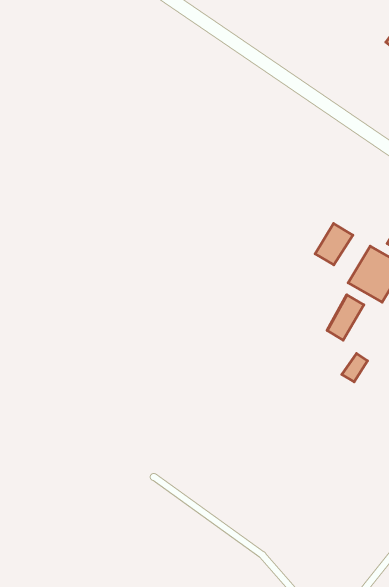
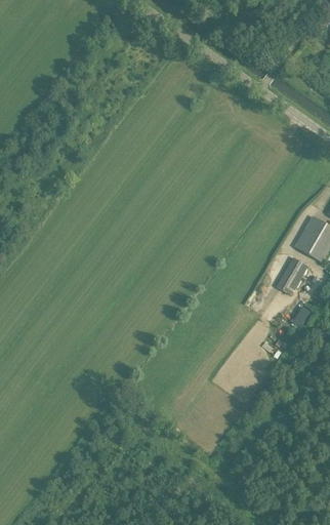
building: [315,223,353,265] -> none

